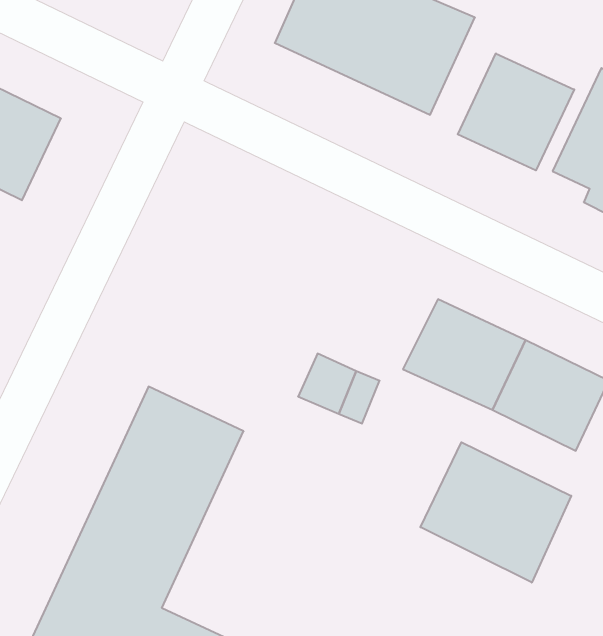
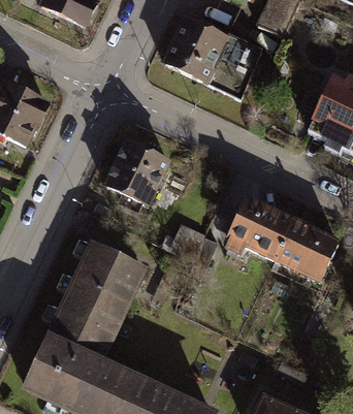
building: [458,53,574,170] -> none
building: none -> [106,139,169,203]
building: [420,442,571,583] -> none

